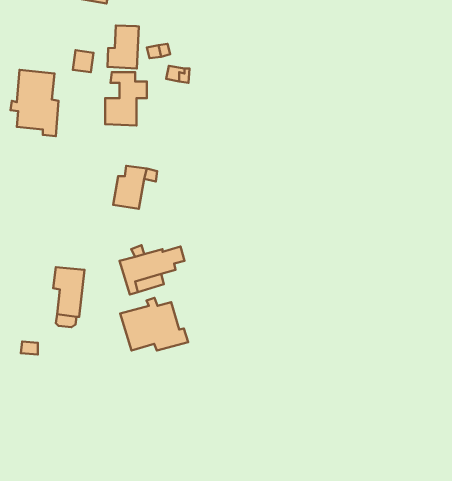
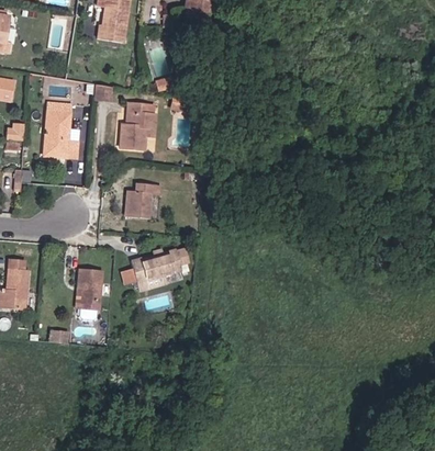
building: [108,26,139,69] -> none
building: [120,298,188,350] -> none

